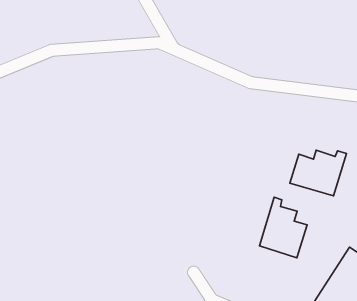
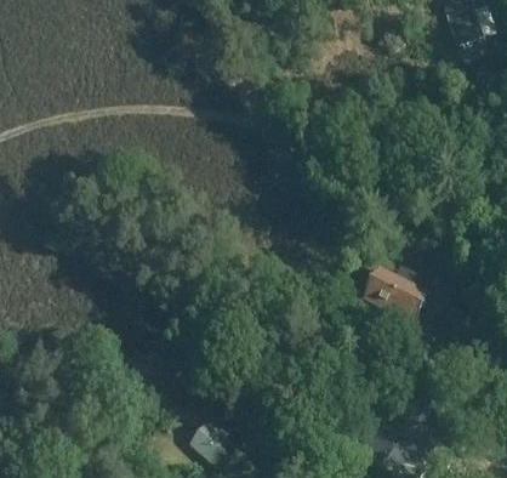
building: [259,197,307,258] -> none

